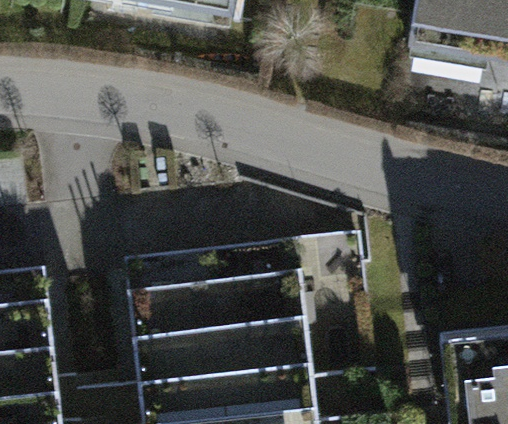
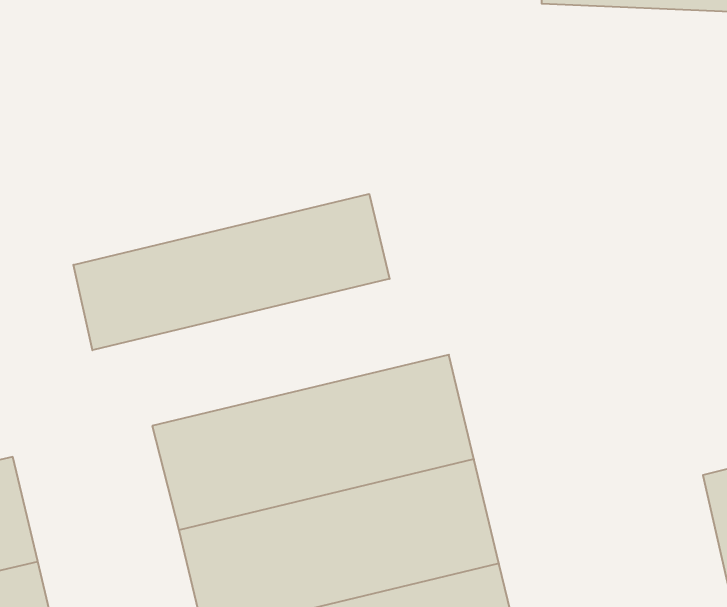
building: none -> [73,194,390,350]

